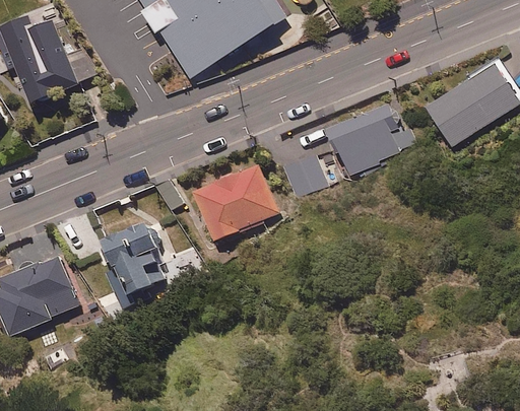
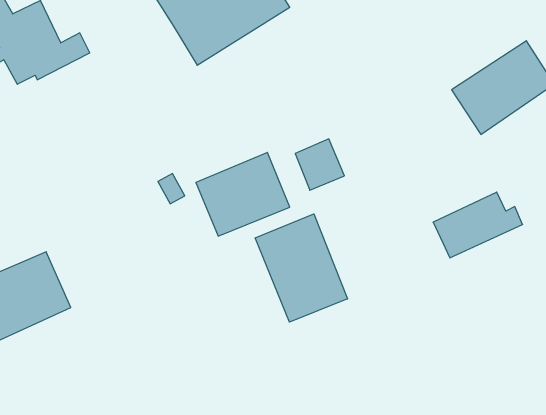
building: [334,114,415,174] -> [433,192,523,258]
building: none -> [255,214,348,322]
building: [101,219,170,312] -> none

